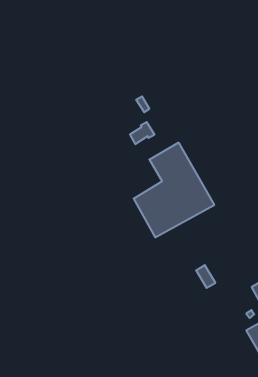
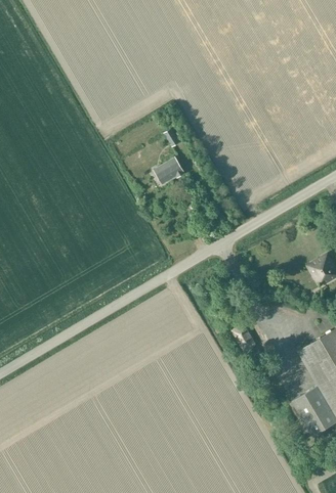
building: [134,143,214,237] -> none

